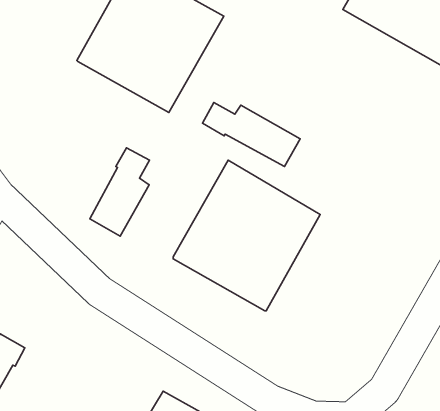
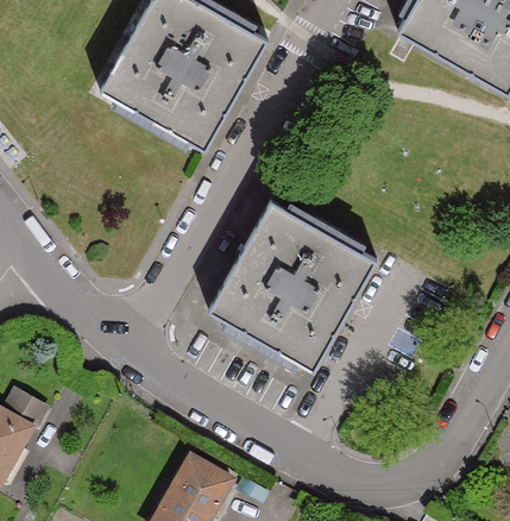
building: [203,102,300,166] -> none
building: [90,148,149,236] -> none

